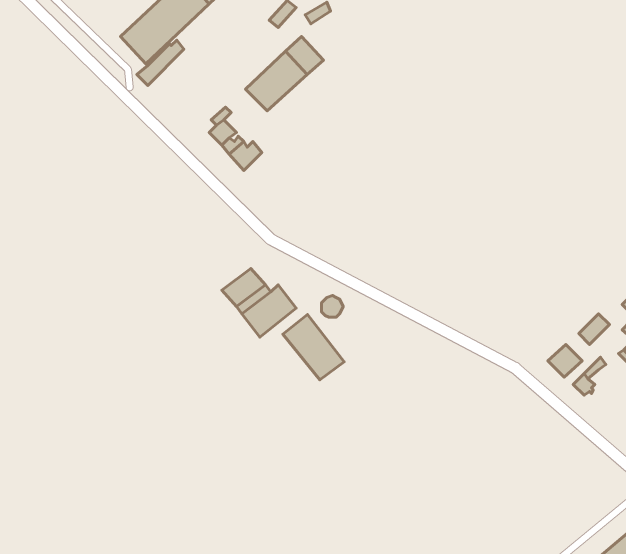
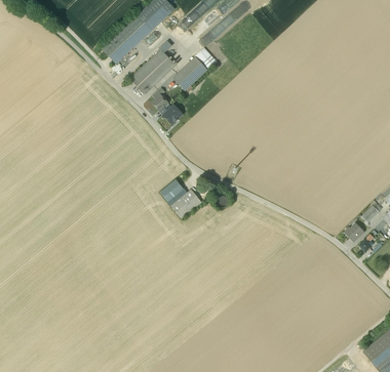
building: none -> [130,49,173,93]
building: [283,315,344,380] -> none

